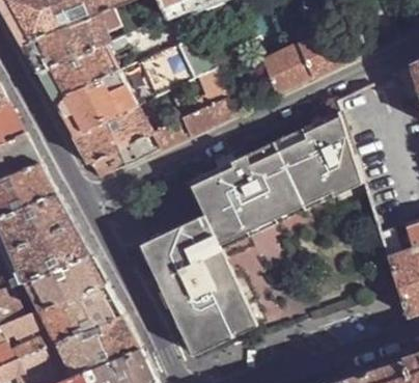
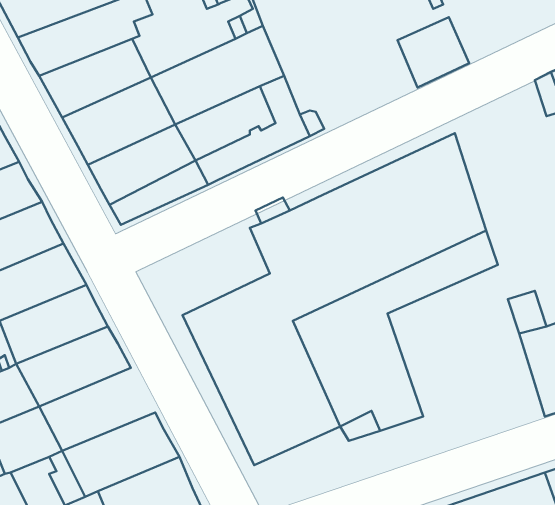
building: [260,45,311,100] -> none
building: [37,282,121,343] -> none

